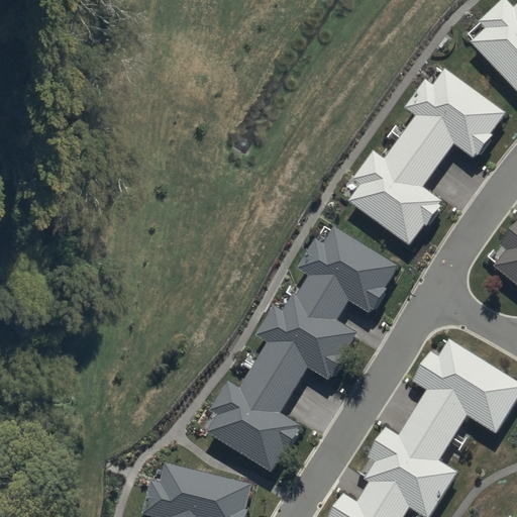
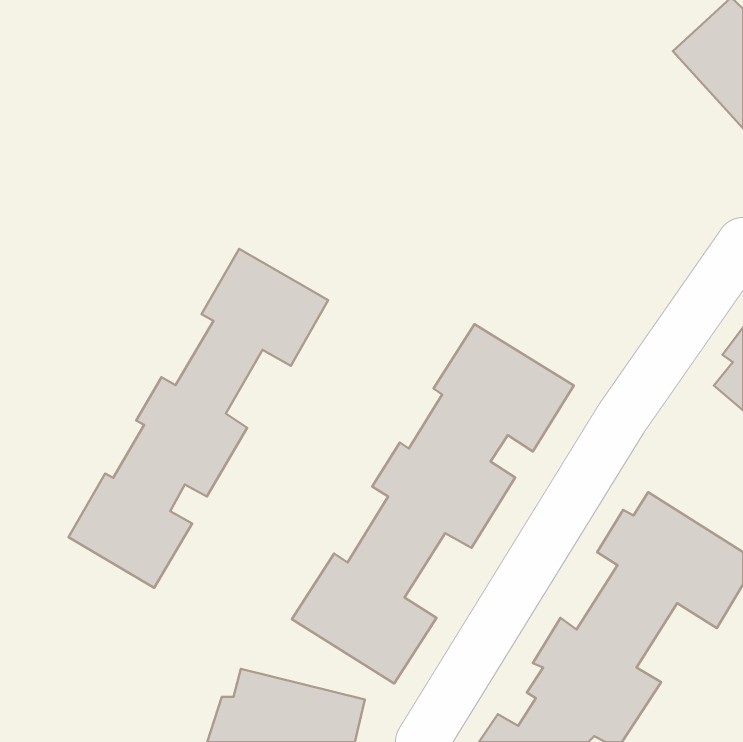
building: [342,69,507,246] -> none
building: none -> [68,249,328,588]

